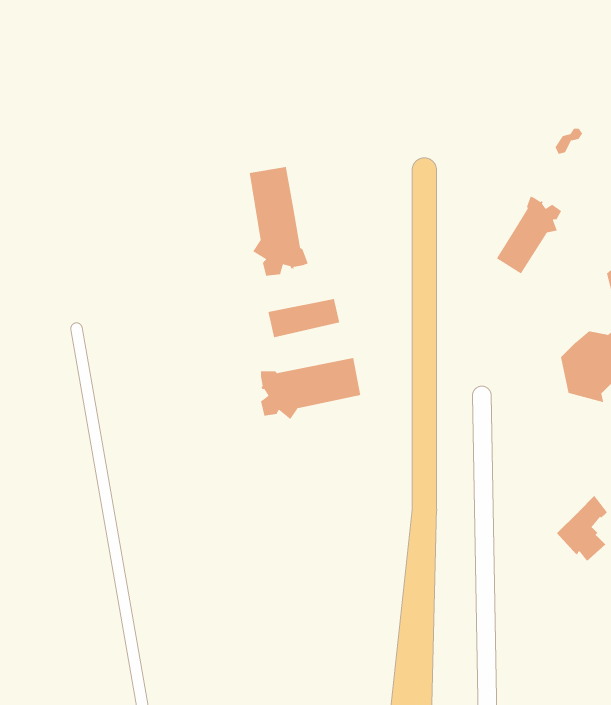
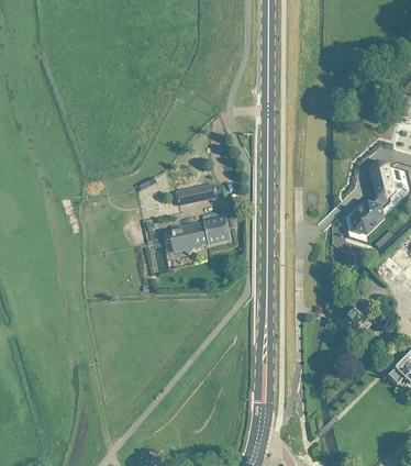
building: [249,166,309,277] -> none
building: [496,196,562,274] -> none

